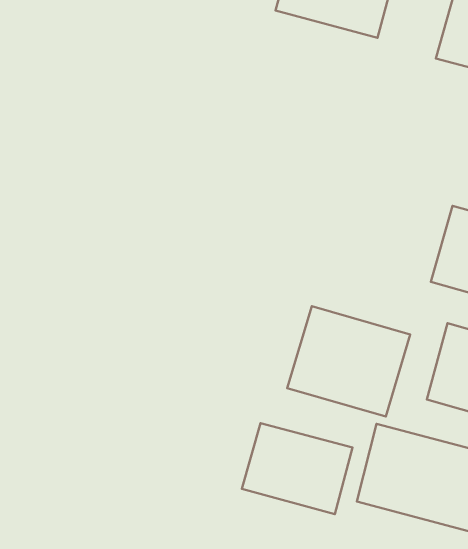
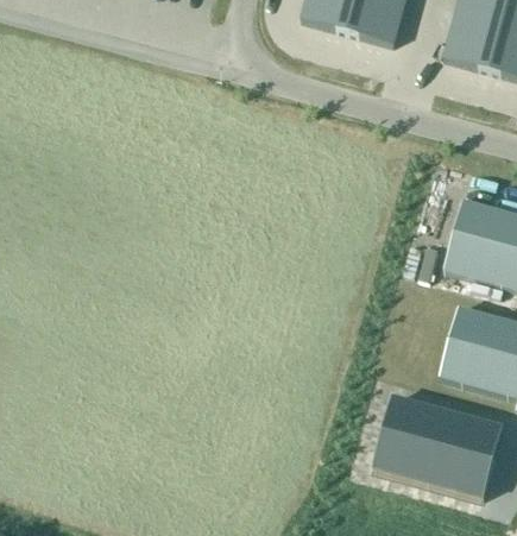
building: [287,306,410,416] -> none
building: [242,423,353,514] -> none

